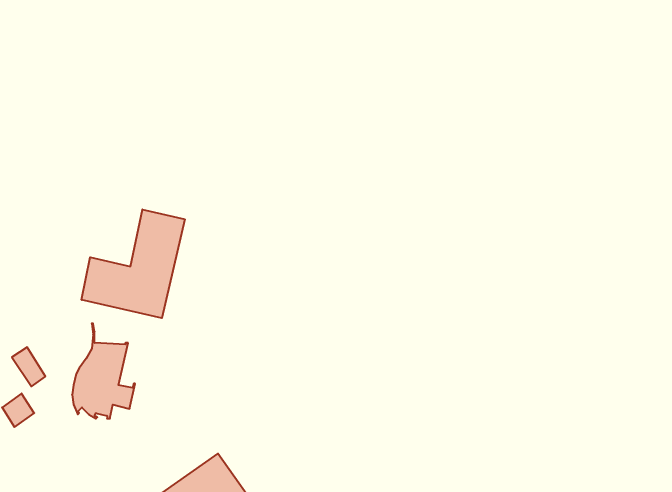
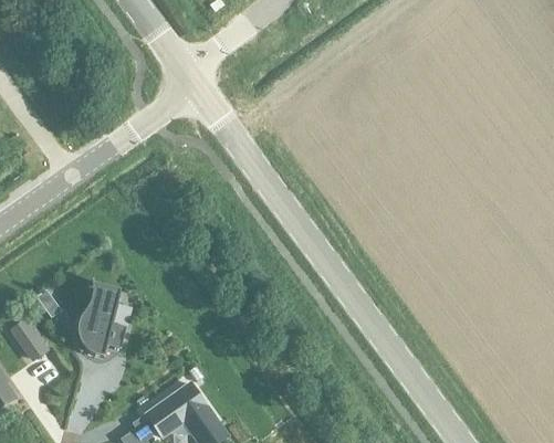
building: [82,209,185,318] -> none

